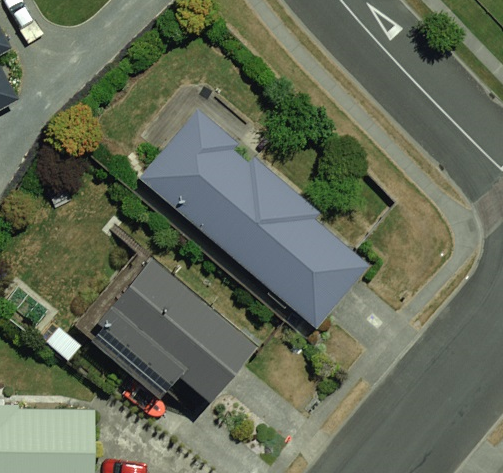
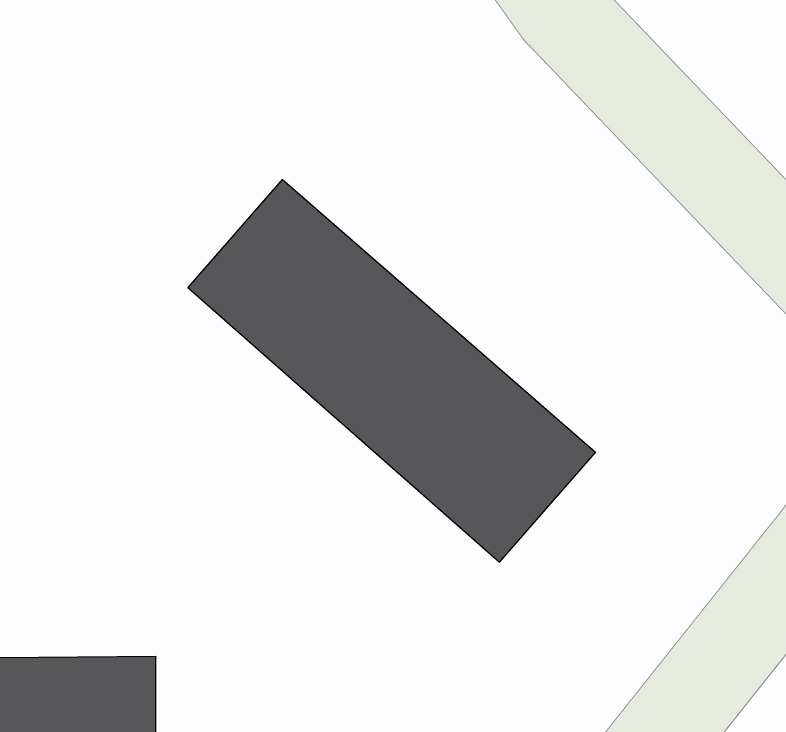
building: [82,237,268,415] -> none

